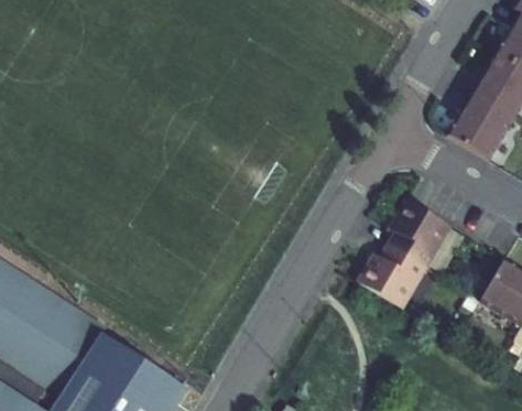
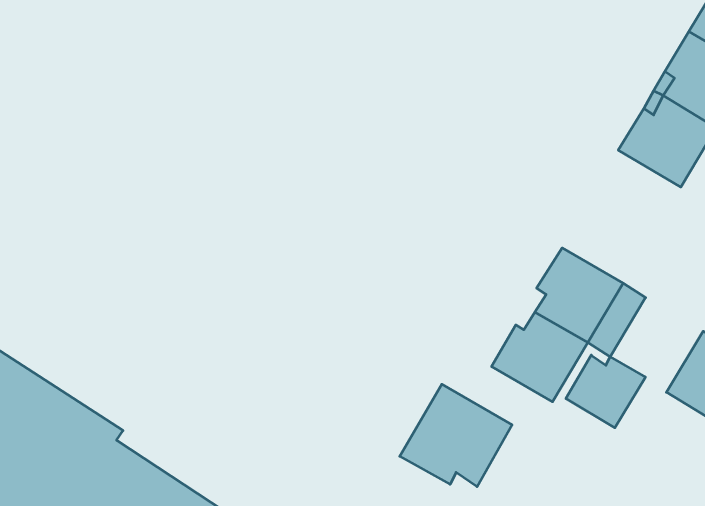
building: none -> [566,355,645,428]
building: none -> [400,384,512,487]

